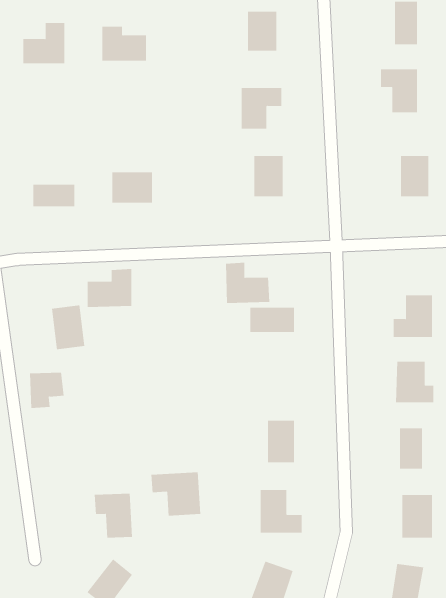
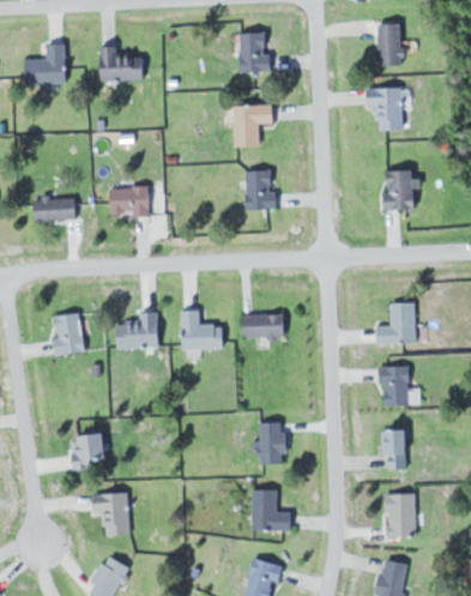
building: [225,262,270,304] -> [180,311,223,350]
building: [87,268,132,307] -> [115,312,158,349]
building: [29,372,64,408] -> [72,435,105,470]
building: [151,471,201,516] -> none

